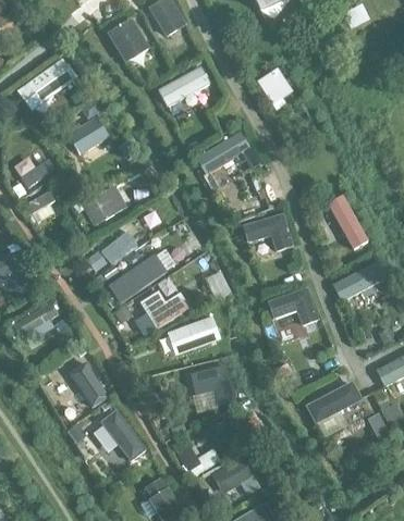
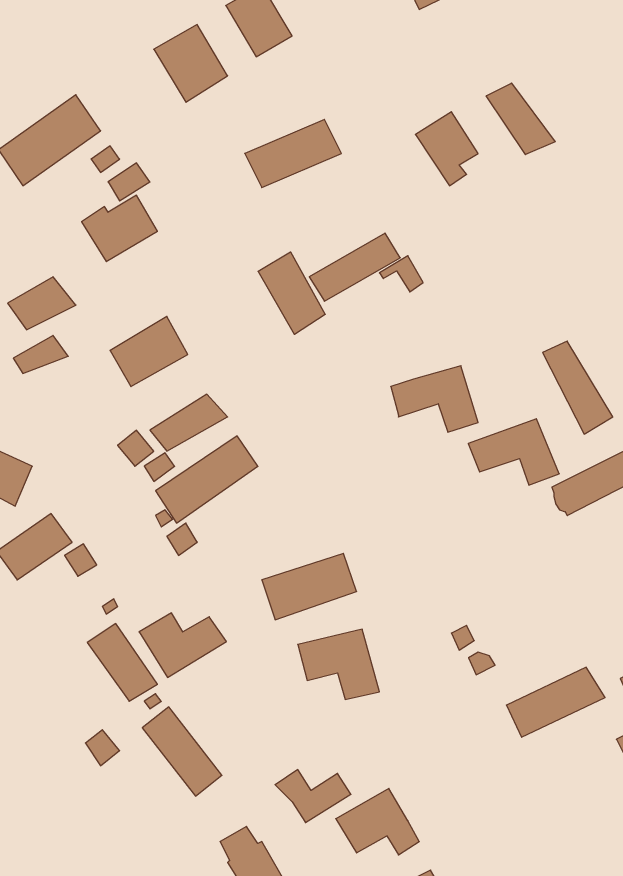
building: none -> [486,83,555,155]
building: none -> [258,252,325,334]
building: [266,287,318,325] -> [468,419,559,485]
building: [138,290,188,327] -> [139,613,226,677]

